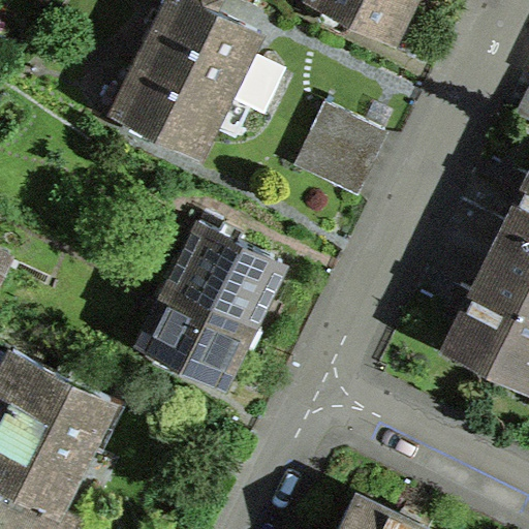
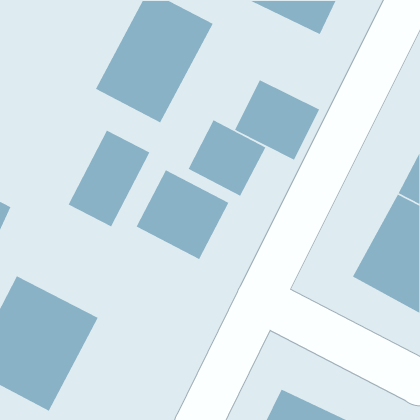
building: none -> [187,119,266,197]
building: none -> [68,130,150,227]
building: [135,288,248,393] -> none

